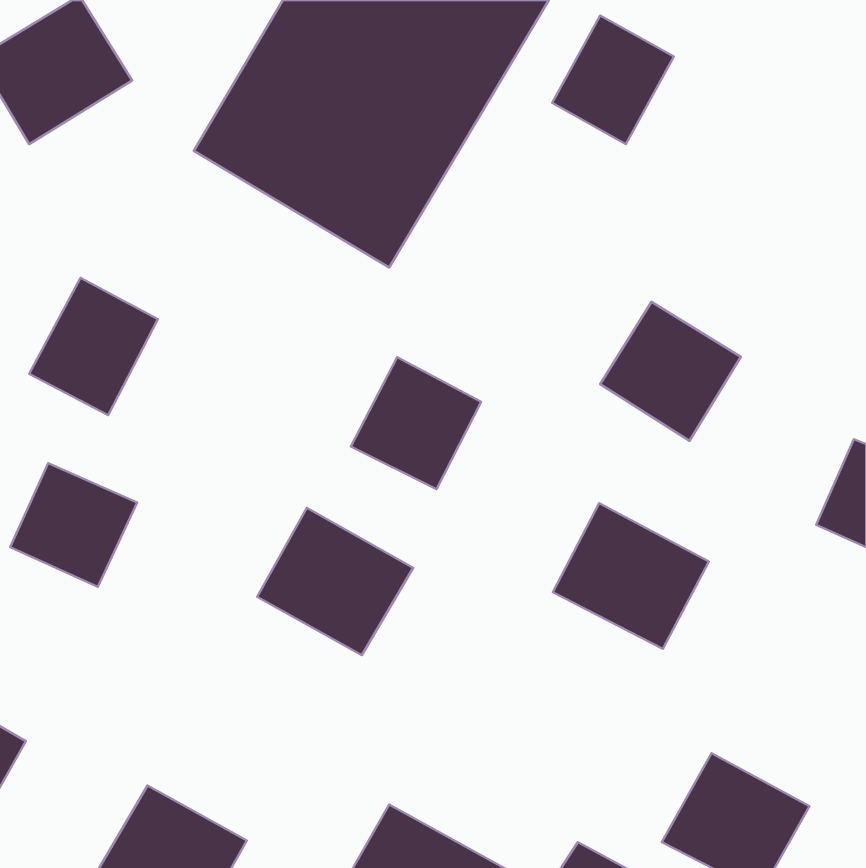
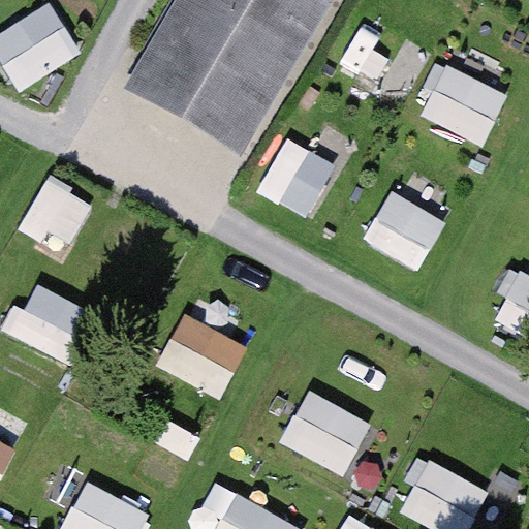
building: none -> [419,62,508,147]
building: [351,357,481,489] -> [256,137,335,217]
building: [553,503,709,649] -> [278,388,372,476]

